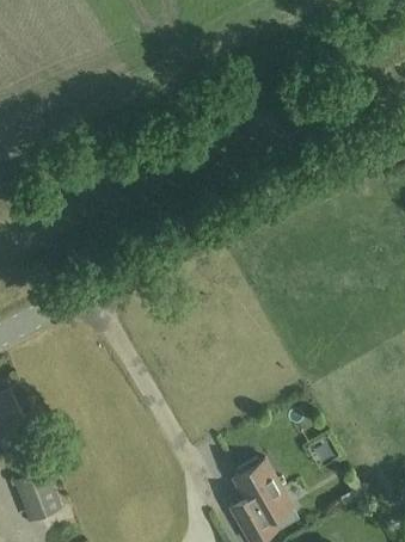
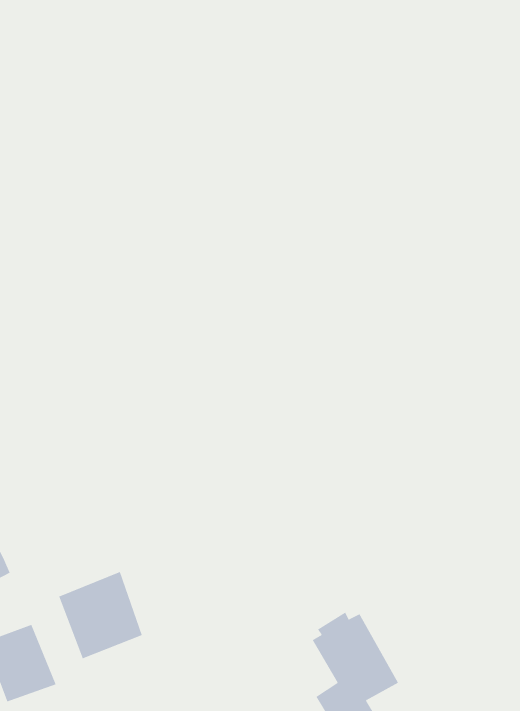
building: none -> [59,571,143,659]

